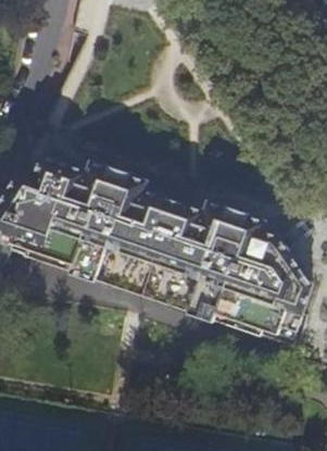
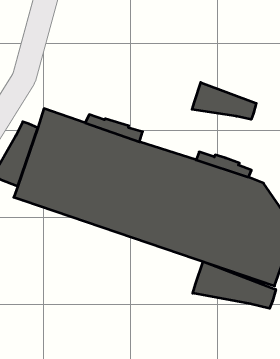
building: none -> [192,82,256,119]
building: none -> [193,262,276,308]

